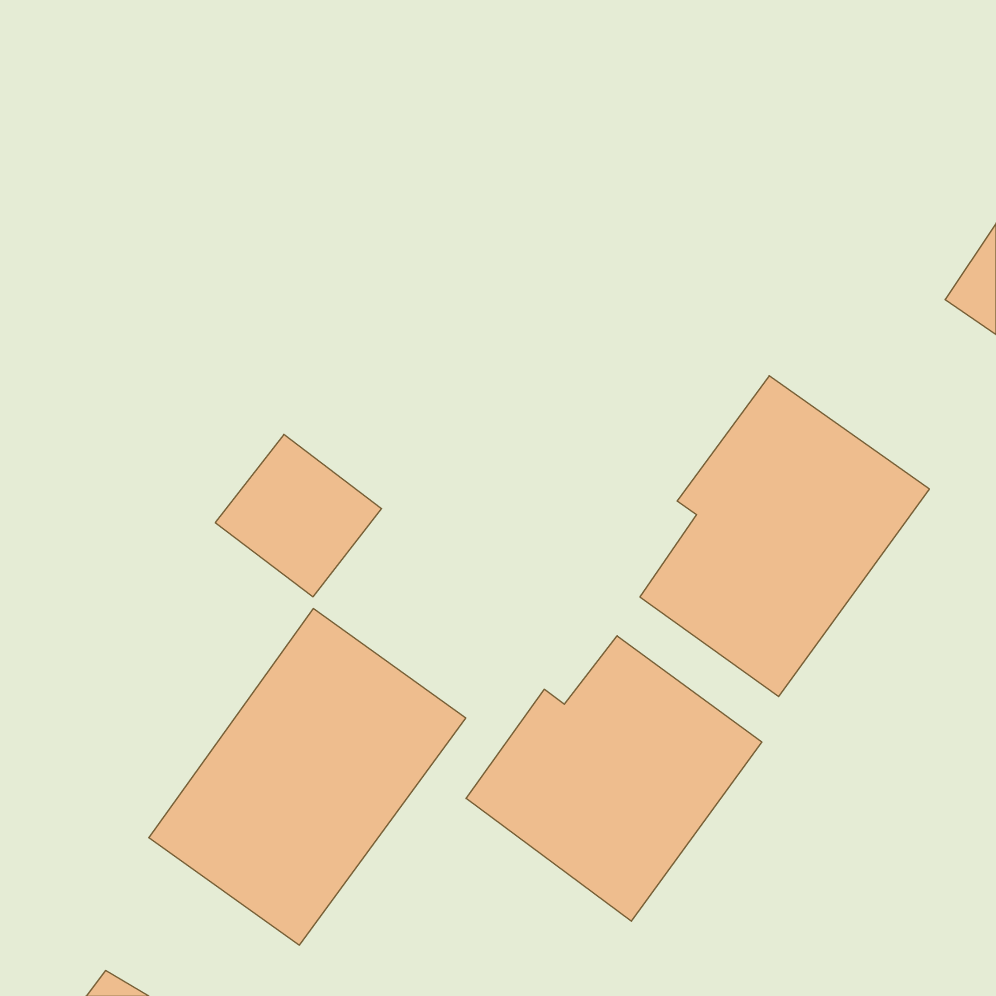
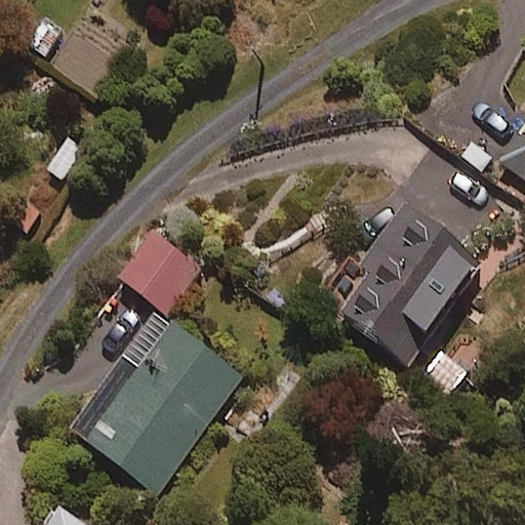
building: [466,636,762,921] -> none

